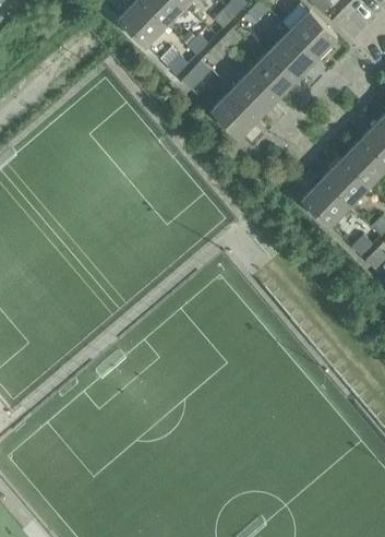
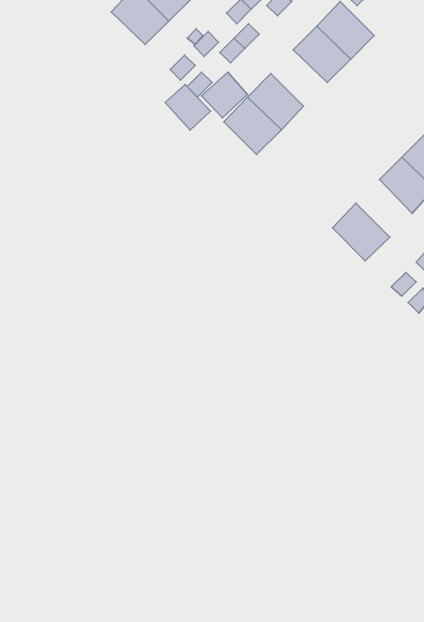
building: [251,50,298,97] -> none
building: none -> [165,84,210,130]
building: [322,158,369,206] -> none

